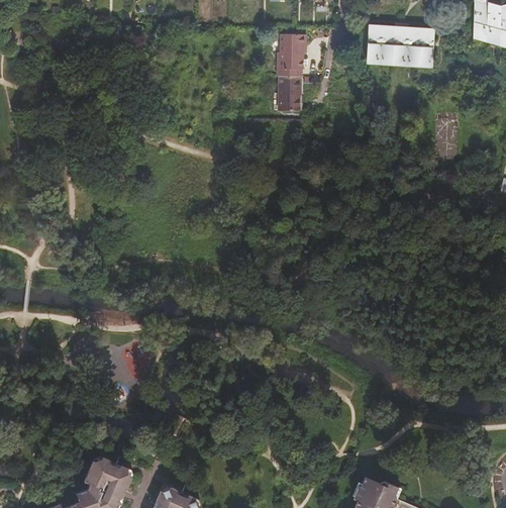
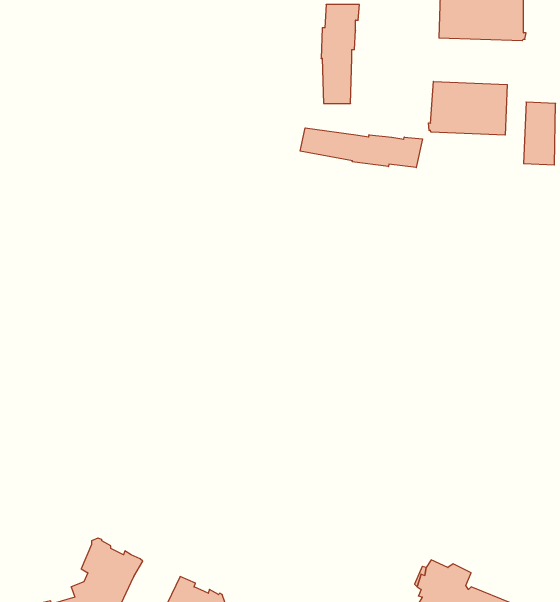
building: none -> [428,81,507,135]
building: none -> [300,128,422,168]

